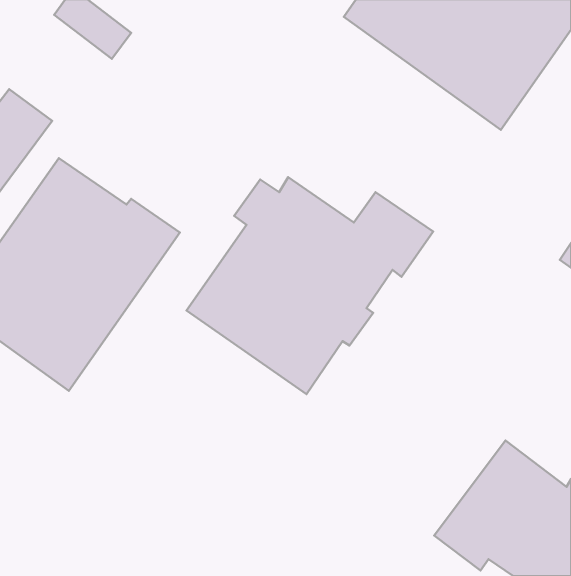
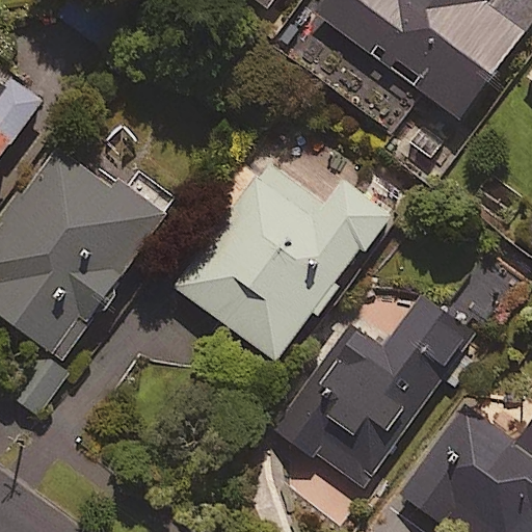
building: none -> [269,295,472,489]

